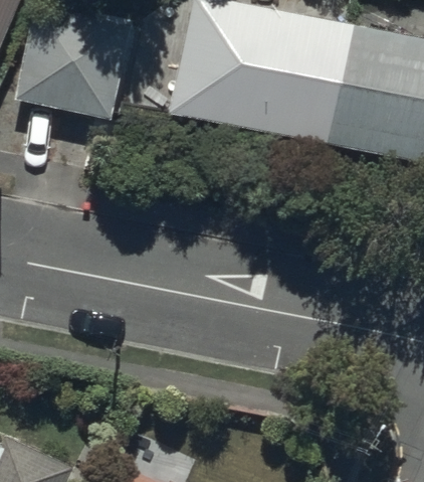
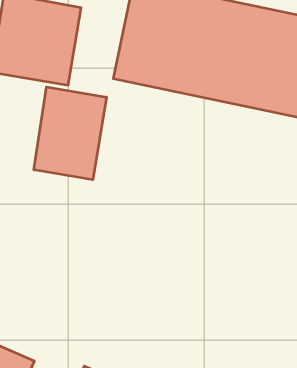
building: none -> [34,87,106,180]

